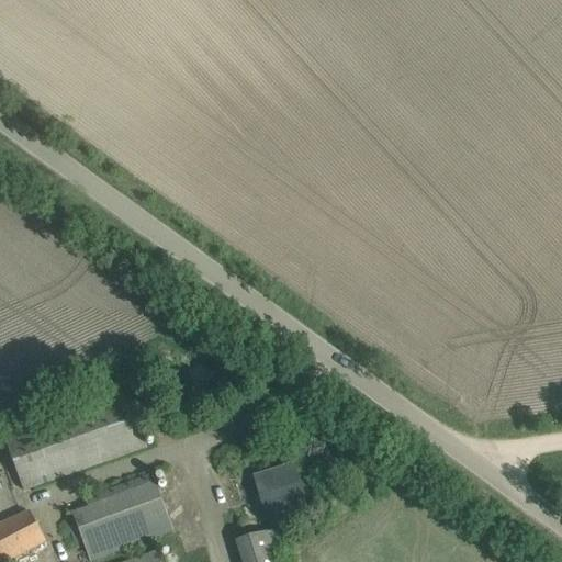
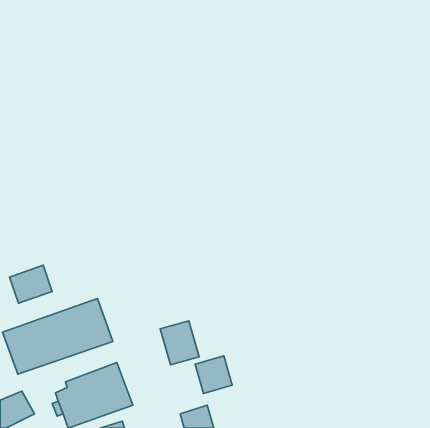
building: none -> [10,265,52,303]
building: none -> [160,321,199,365]

